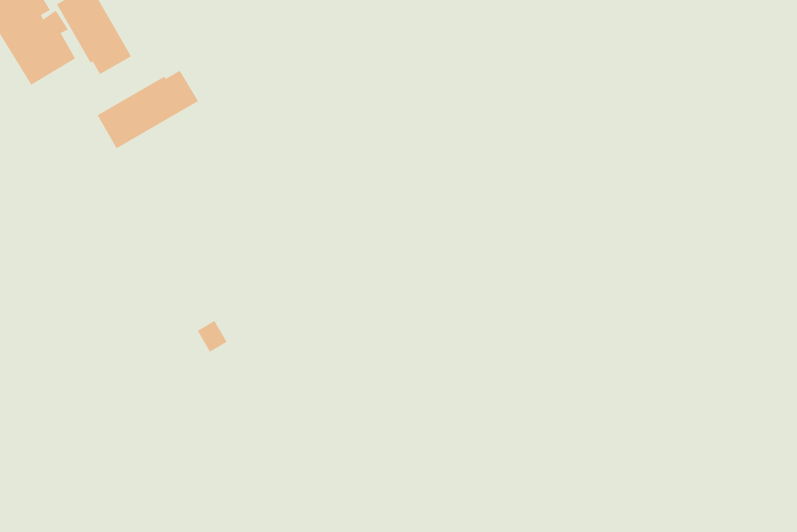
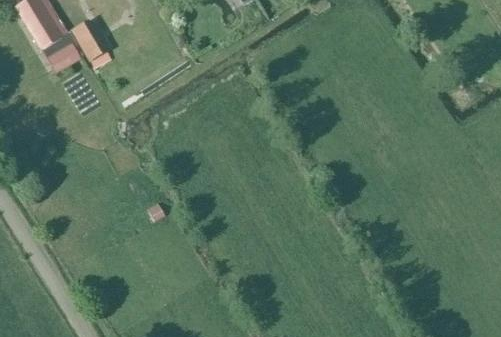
building: [97,70,199,149] -> none

